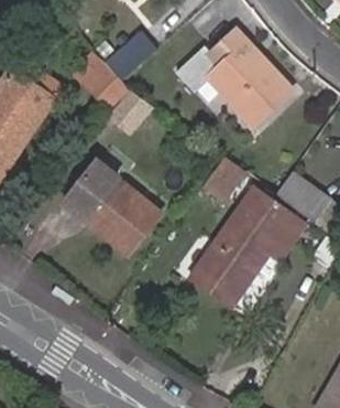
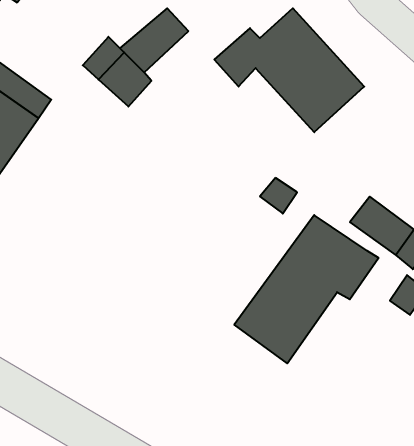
building: [64,160,160,253] -> none

